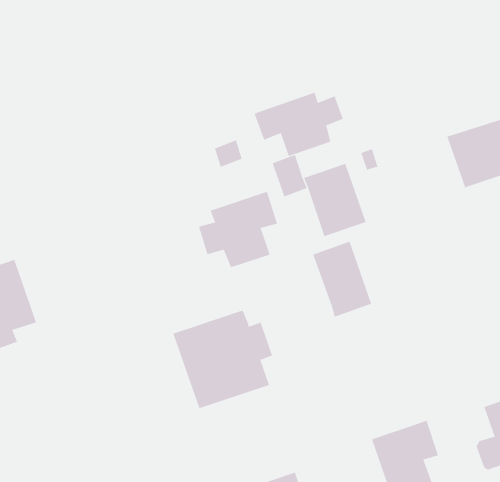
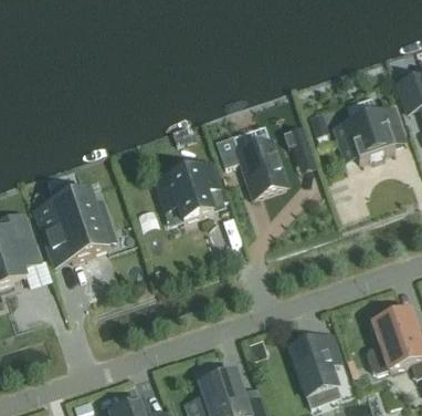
building: [254,92,343,157] -> none
building: [312,241,372,317] -> none
building: [172,310,273,409] -> [36,189,112,263]

